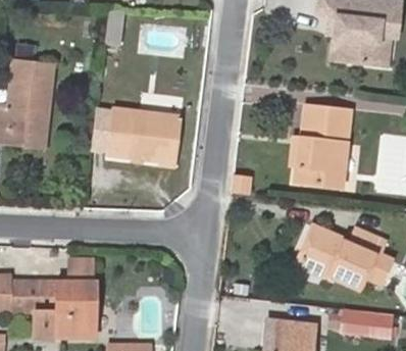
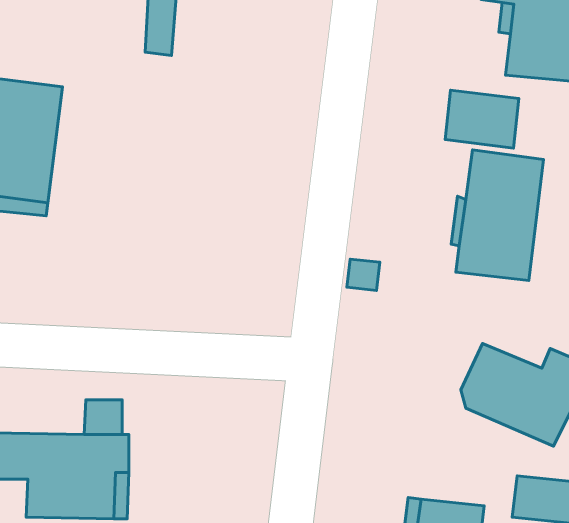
building: none -> [445,90,519,148]
building: [106,108,182,161] -> none

